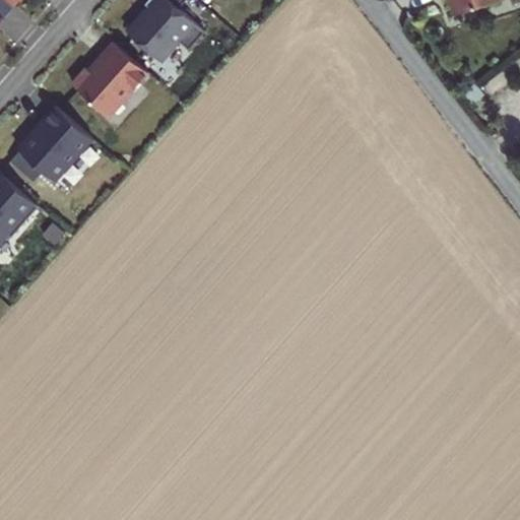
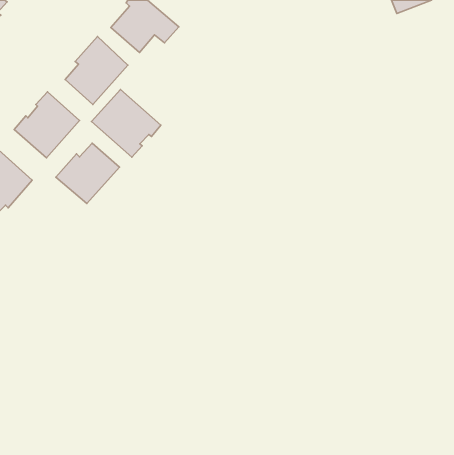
building: none -> [92,89,161,157]
building: none -> [56,143,119,203]

